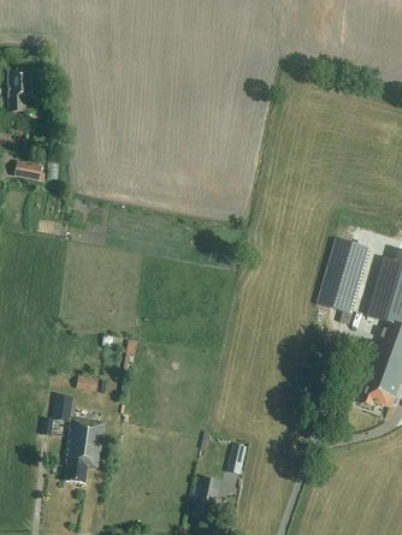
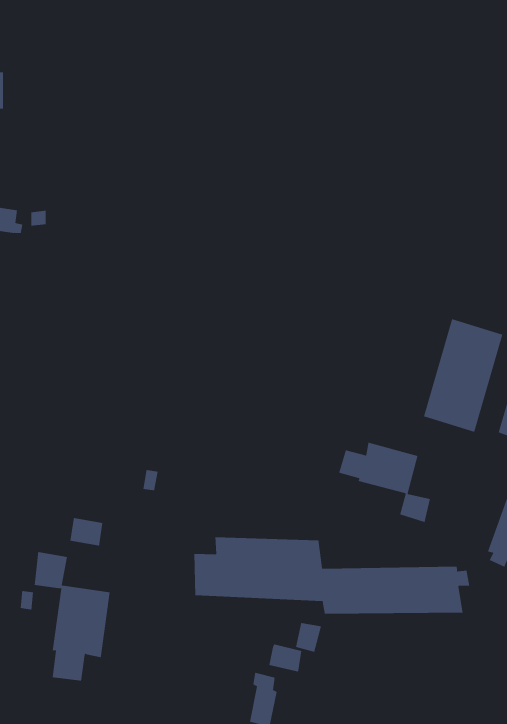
building: none -> [339,442,430,523]
building: none -> [194,537,470,614]

